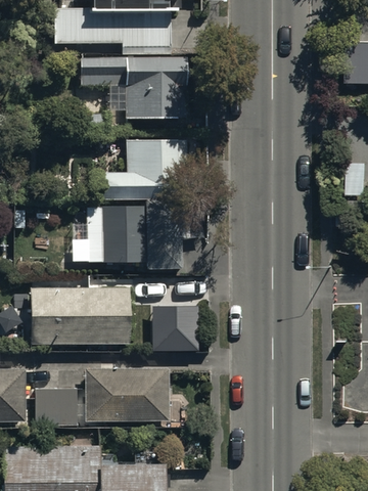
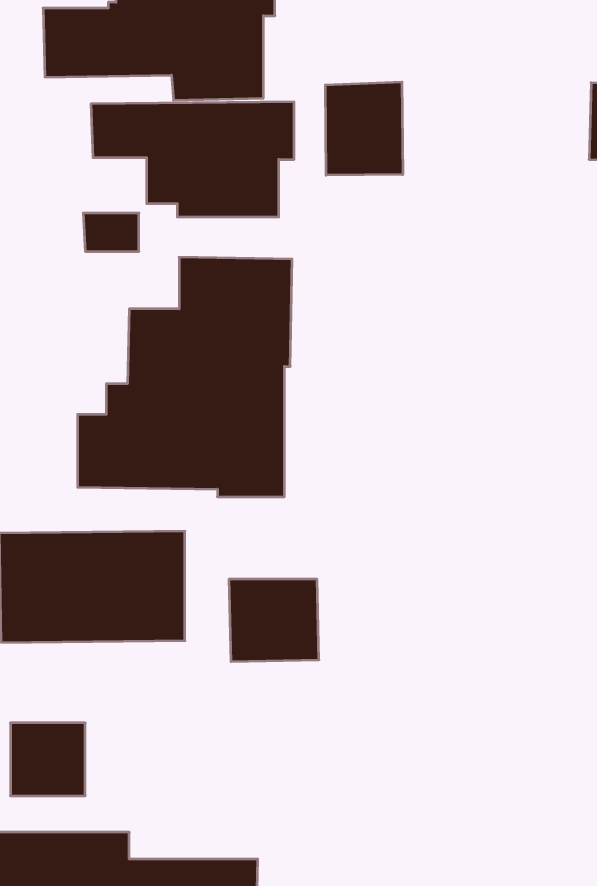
building: none -> [325,82,403,175]
building: [84,367,168,421] -> none

